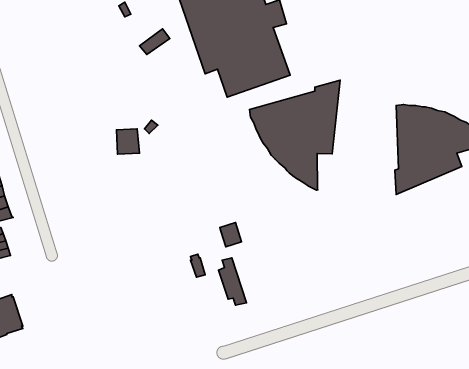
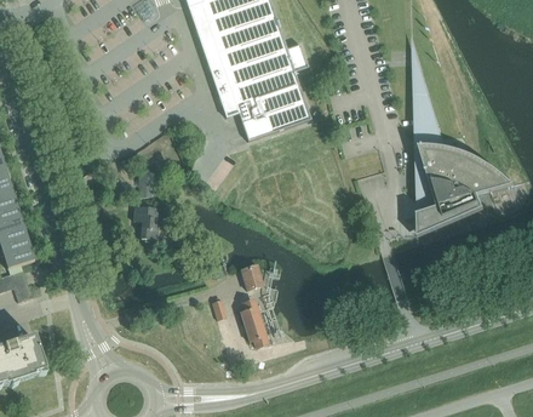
building: none -> [418,91,440,135]
building: [250,80,340,190] -> none
building: none -> [132,205,159,238]

